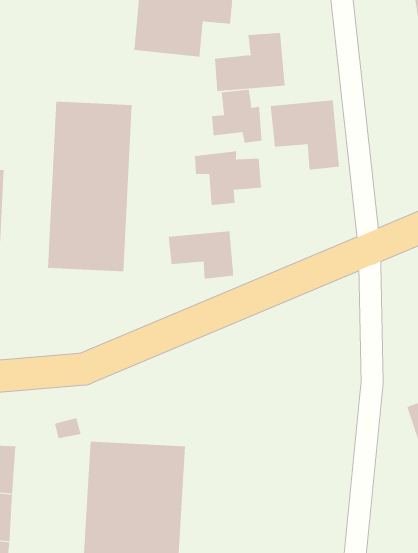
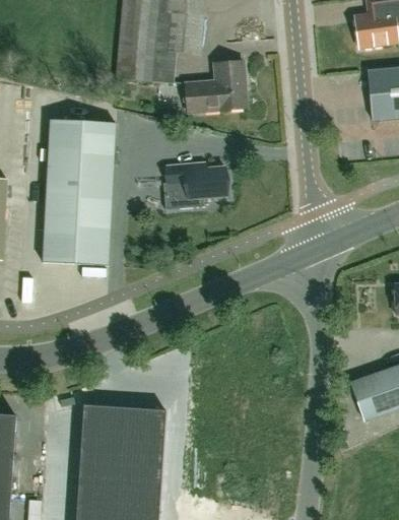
building: [211,89,262,143] -> none
building: [270,99,340,171] -> none
building: [168,230,234,279] -> none

